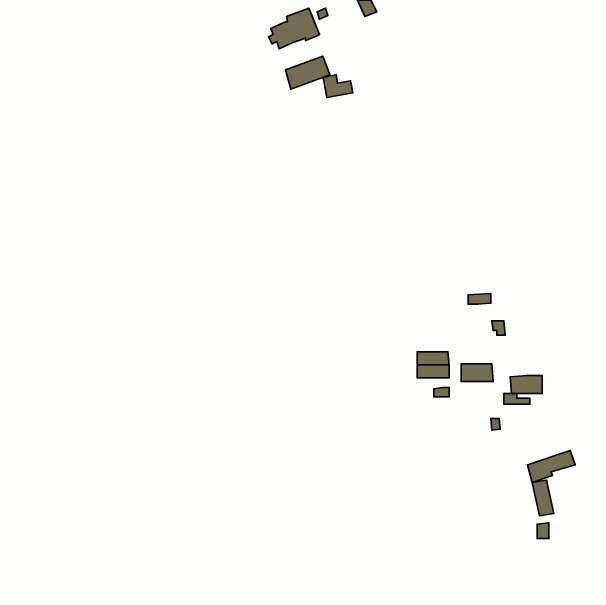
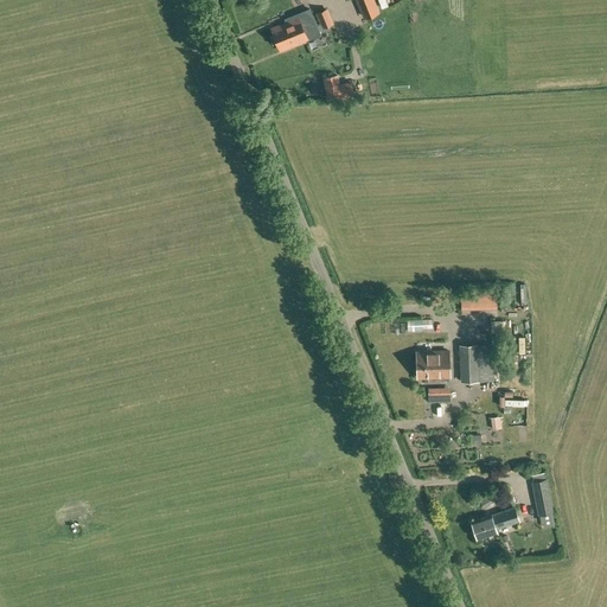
building: [286,56,330,89] -> none
building: [510,376,542,393] -> [459,347,491,365]
building: [528,450,575,483] -> [471,509,518,541]

